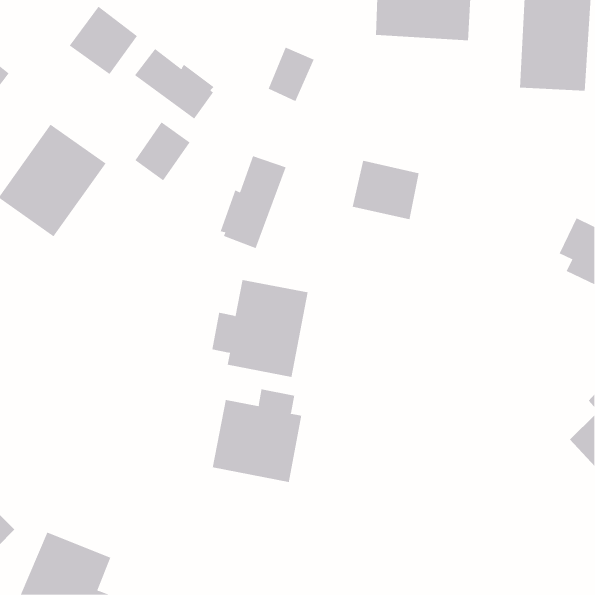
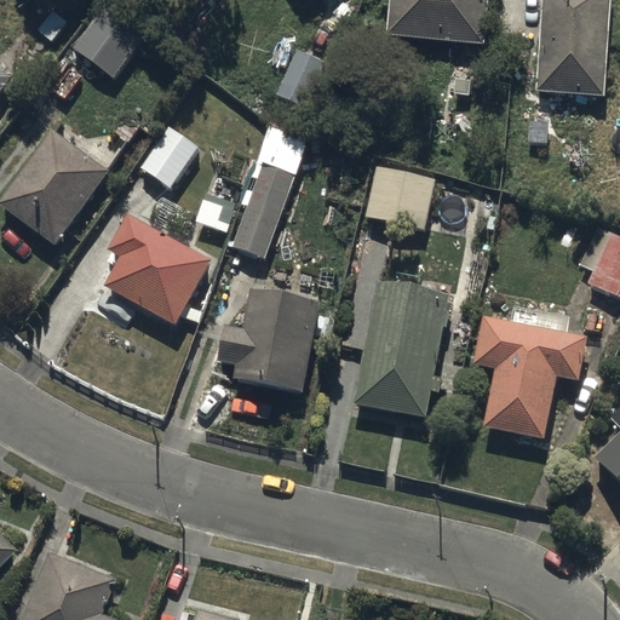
building: [134,48,214,120] -> none
building: none -> [105,212,212,323]
building: none -> [351,281,449,415]
building: none -> [472,305,587,437]
building: [212,389,302,483] -> none

